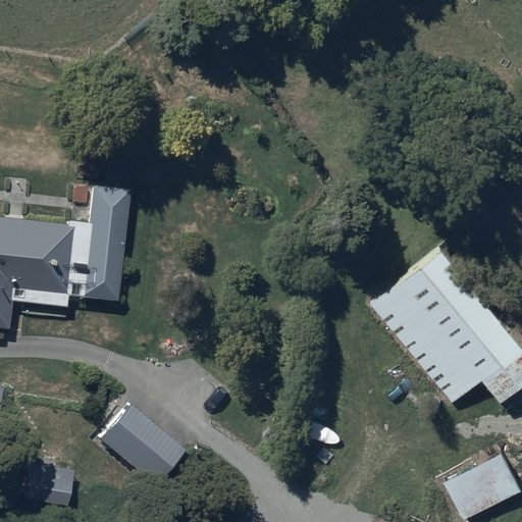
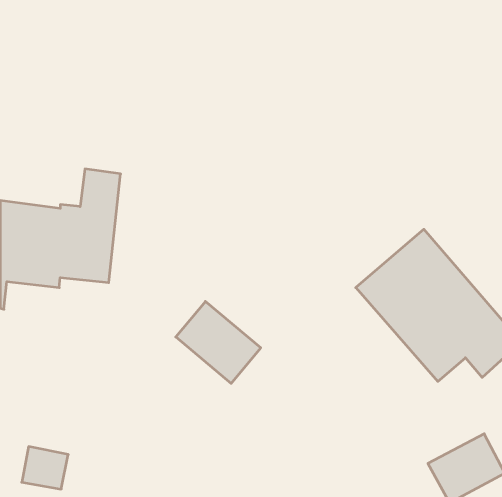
building: [101,408,189,492] -> [176,301,261,383]

